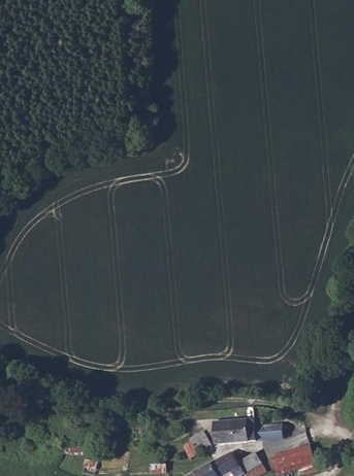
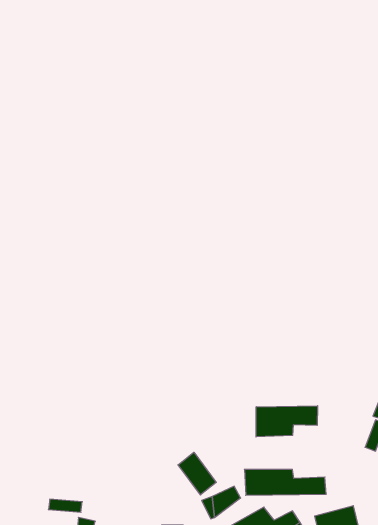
building: none -> [256,406,318,437]
building: none -> [178,452,216,495]

